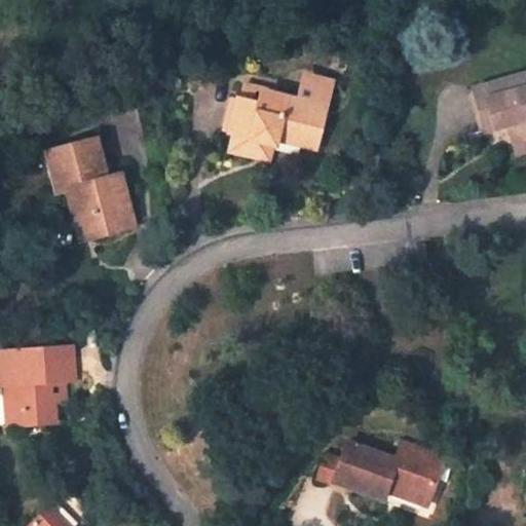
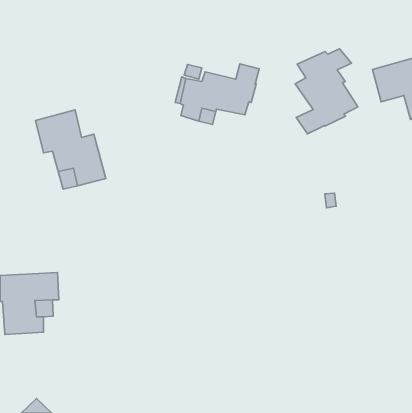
building: none -> [295,49,358,134]
building: [334,441,443,497] -> none

